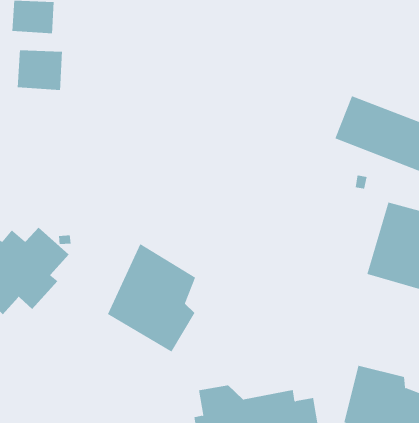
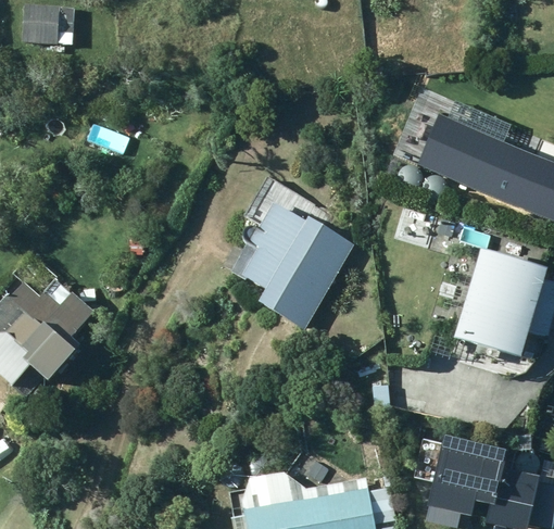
building: [17,49,63,91] -> none
building: none -> [241,200,354,328]
building: [107,243,196,352] -> none

